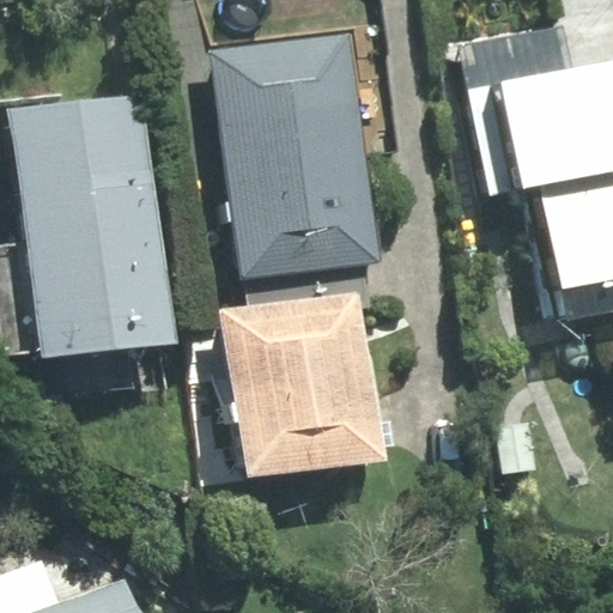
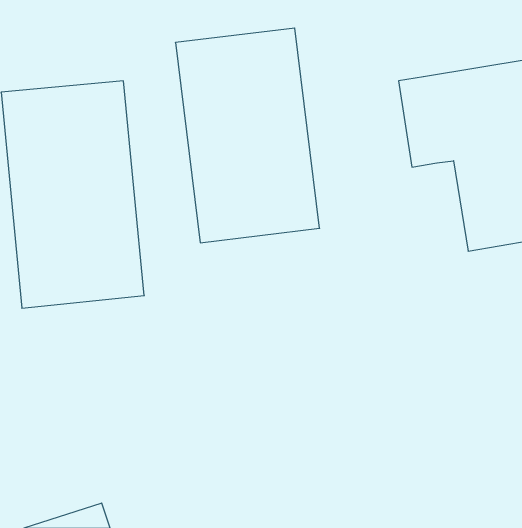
building: [219,289,380,479] -> none

